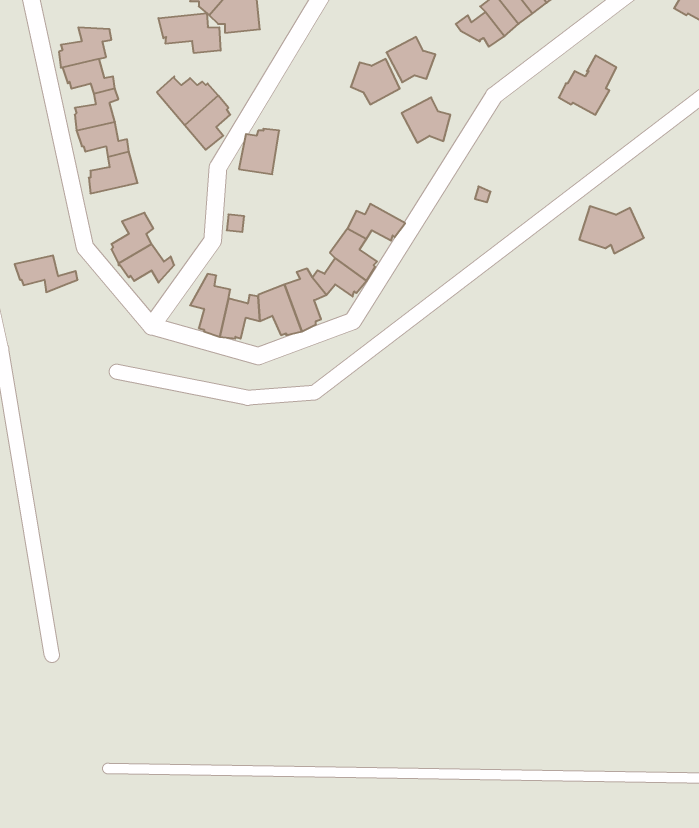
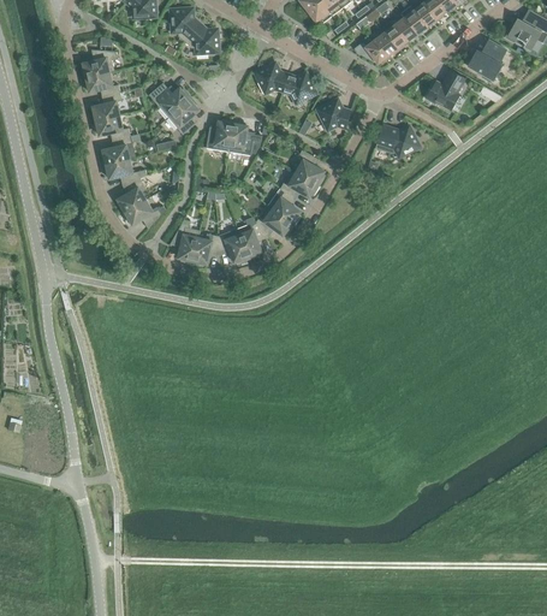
building: [158,13,221,53] -> none
building: none -> [468,41,506,81]
building: [386,37,435,82] -> [255,63,289,94]
building: none -> [228,122,262,155]
building: none -> [296,149,325,185]
building: [579,206,644,253] -> [375,125,420,158]
building: [15,255,78,292] -> [103,159,147,184]

